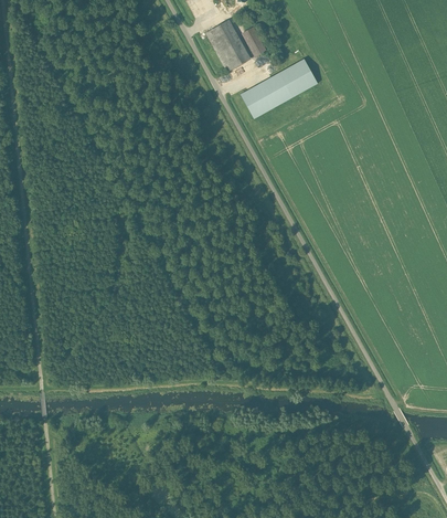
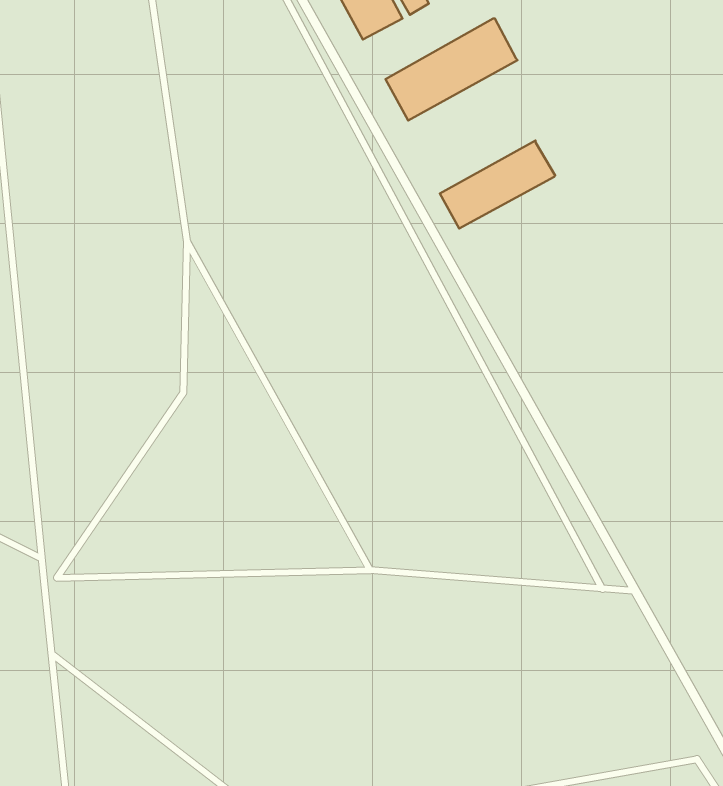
building: none -> [440,141,555,229]

